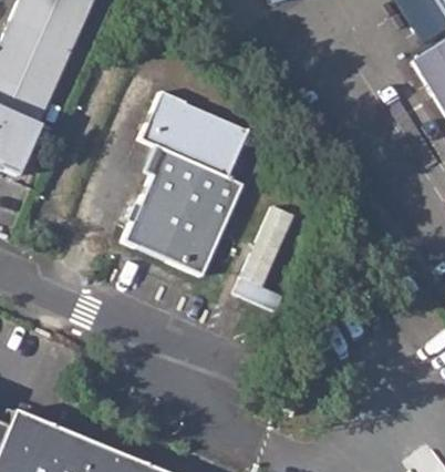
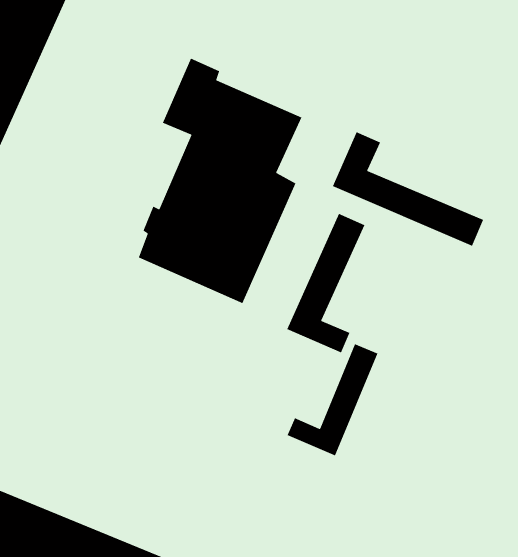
building: none -> [332,131,484,247]
building: none -> [287,343,378,457]

